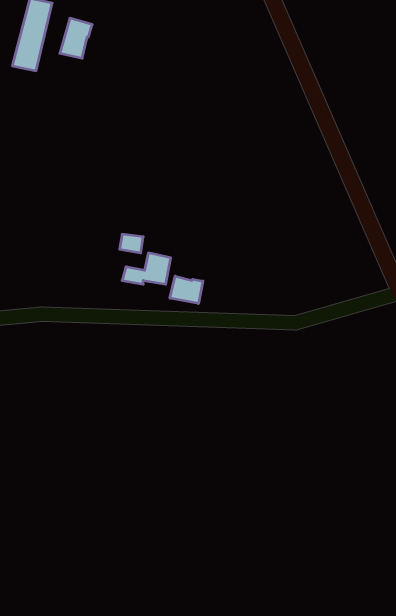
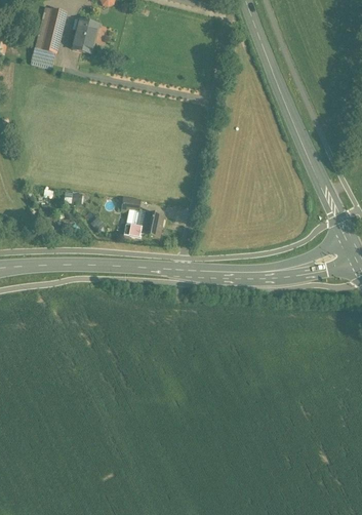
building: [170,276,203,304] -> none

